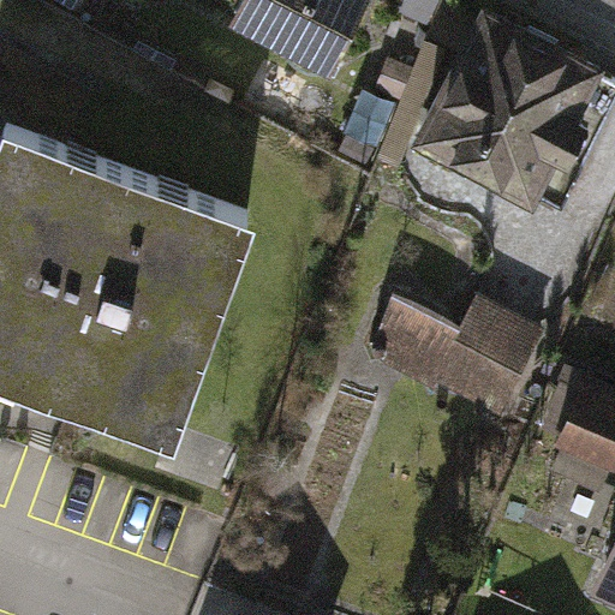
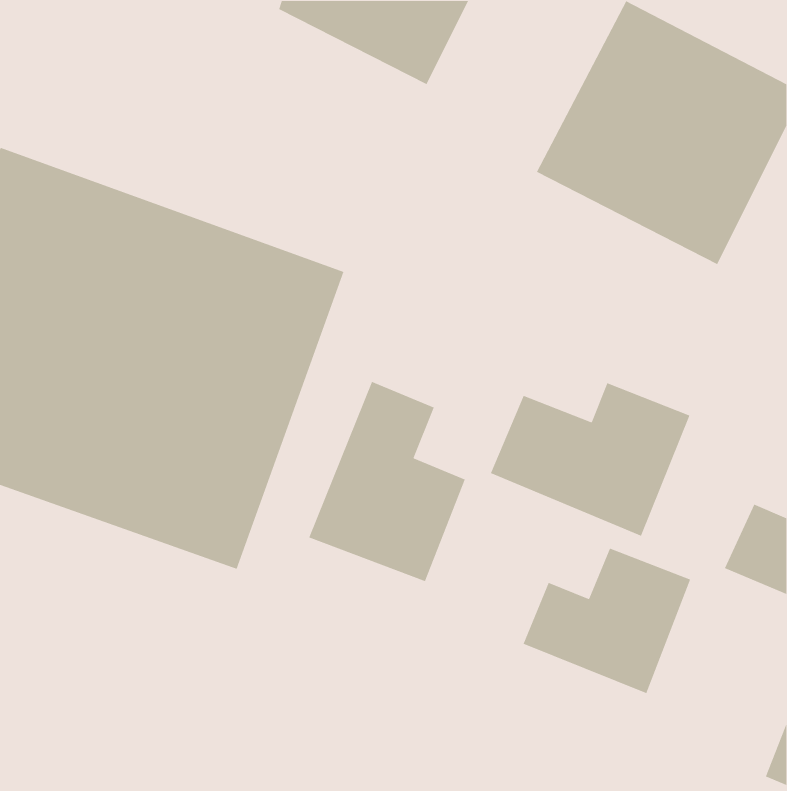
building: none -> [308,381,466,582]
building: none -> [523,547,691,694]

